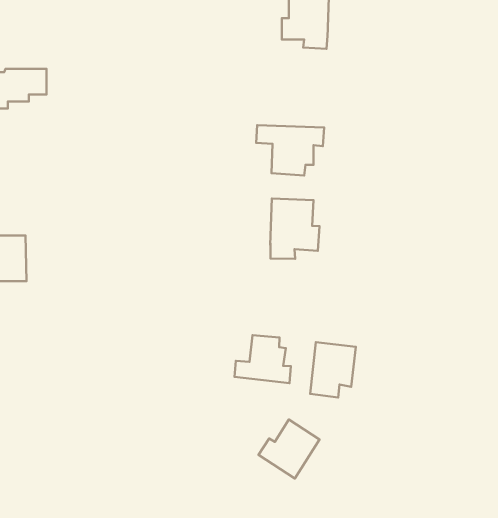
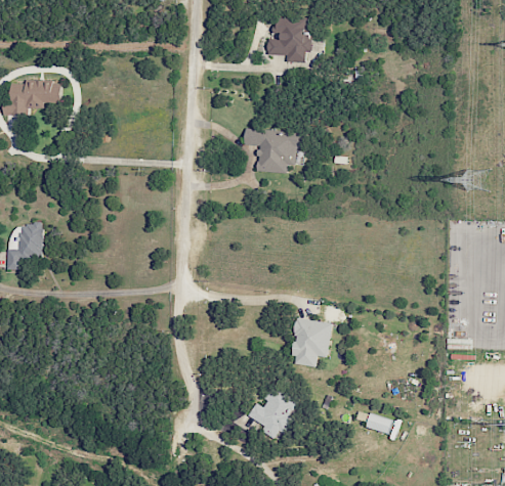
building: [270,199,319,259] -> none
building: [234,335,291,383] -> none
building: none -> [365,412,392,434]

